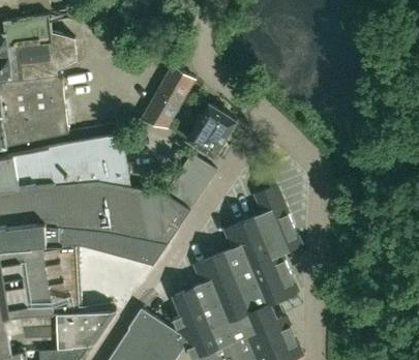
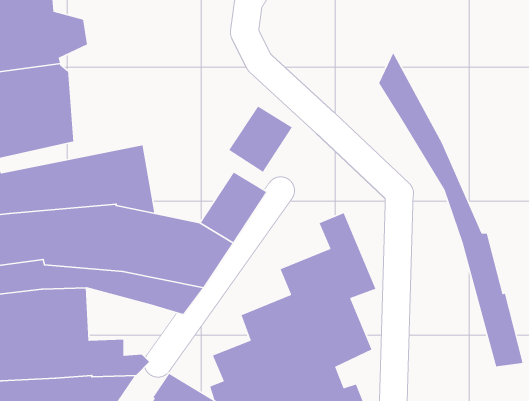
building: none -> [378,52,523,367]
building: [140,67,192,129] -> none

